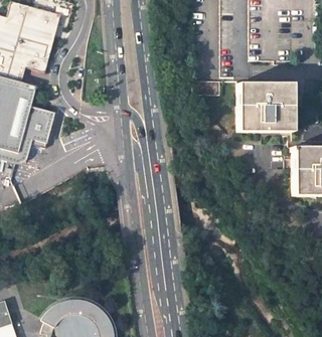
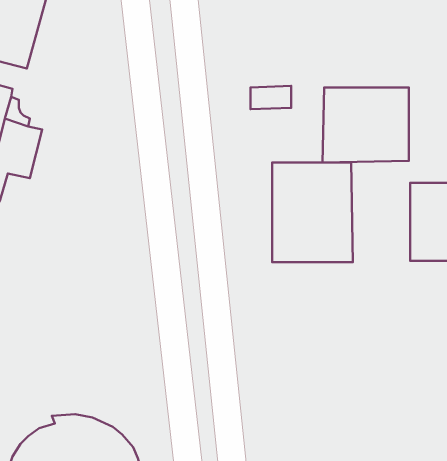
building: none -> [272,162,353,262]

